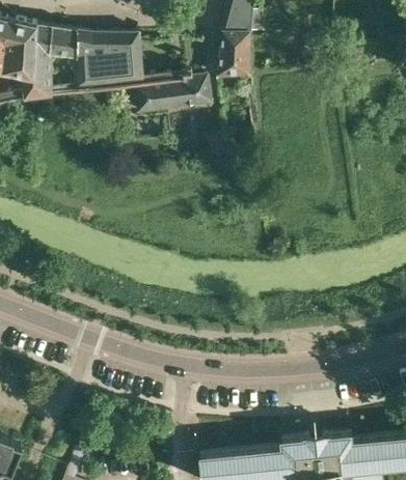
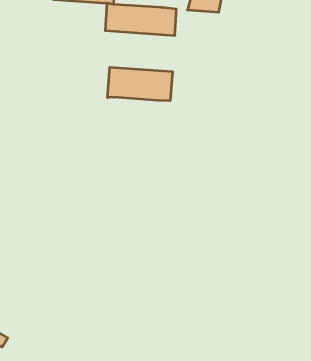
building: none -> [108,67,172,101]

